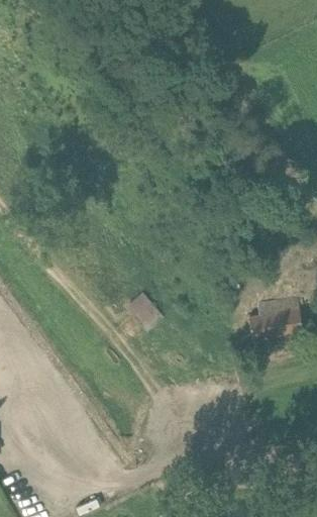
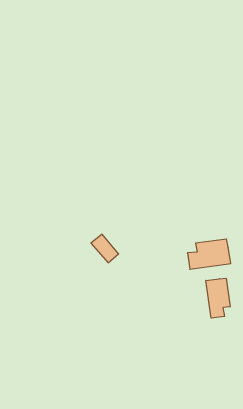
building: none -> [206,278,230,318]

